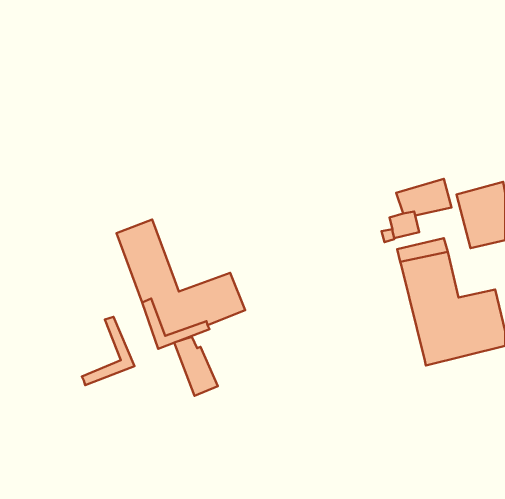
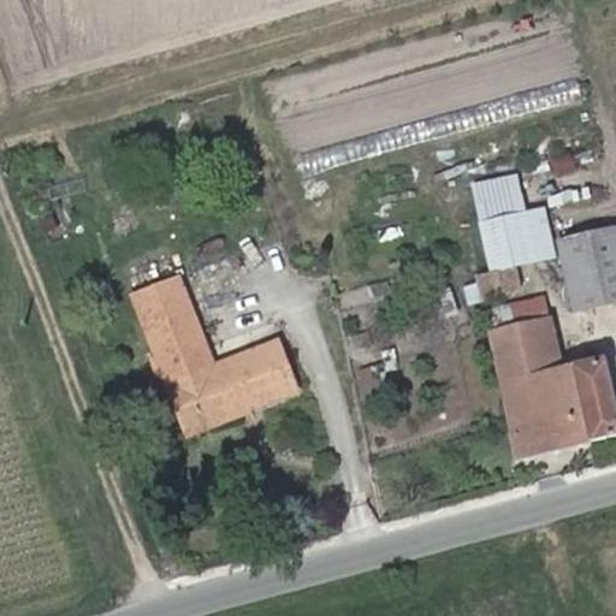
building: none -> [472,180,540,242]
building: [82,317,135,385] -> none
building: [174,337,218,396] -> none

